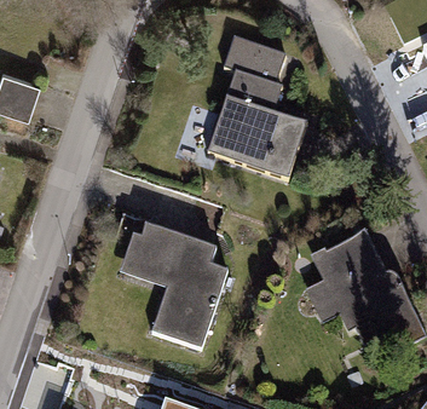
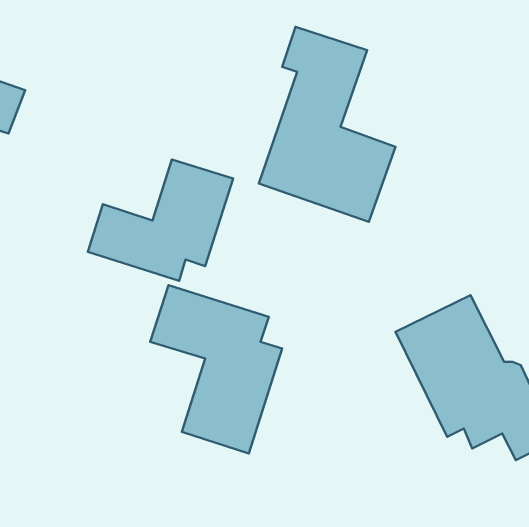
building: none -> [88,159,233,281]

